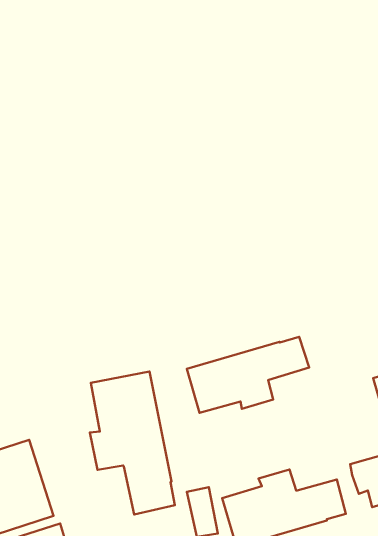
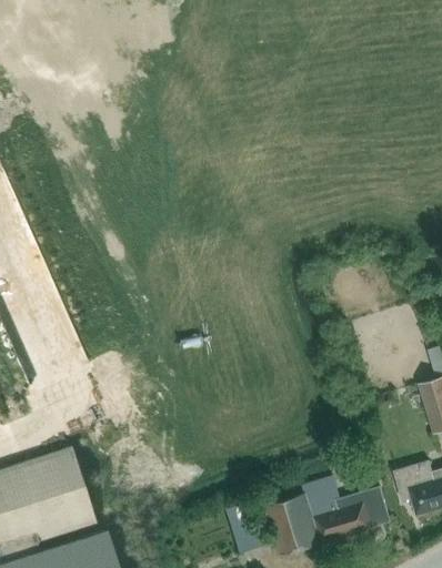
building: [187,337,309,413] -> none
building: [90,371,175,515] -> none

